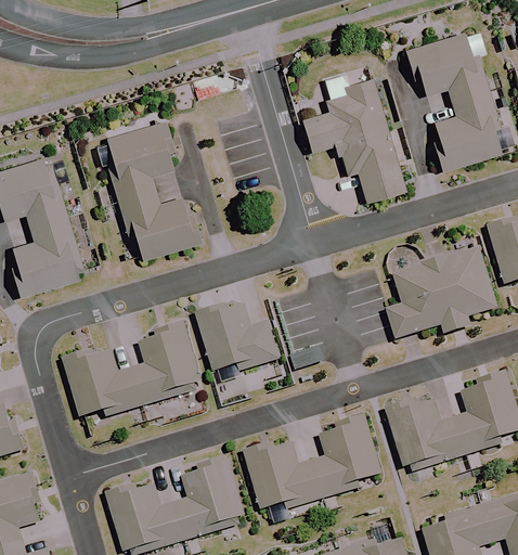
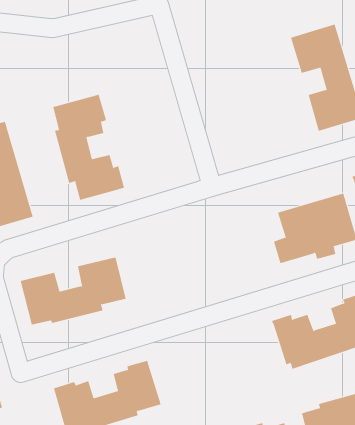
building: [303,69,404,199] -> none
building: [197,300,280,370] -> none
building: [245,417,380,507] -> none

